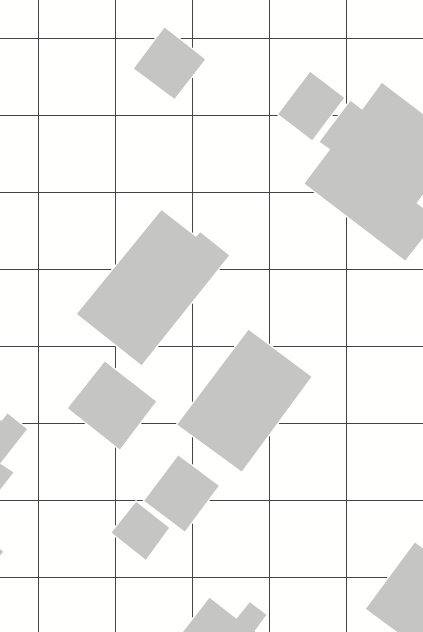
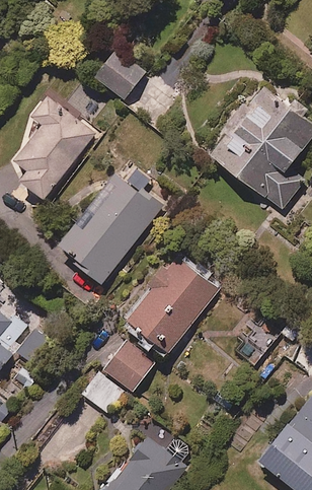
building: [277,71,345,141] -> none
building: none -> [16,98,95,199]
building: [67,361,157,450] -> none

